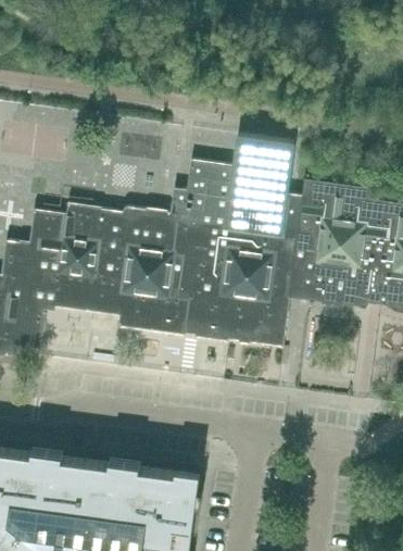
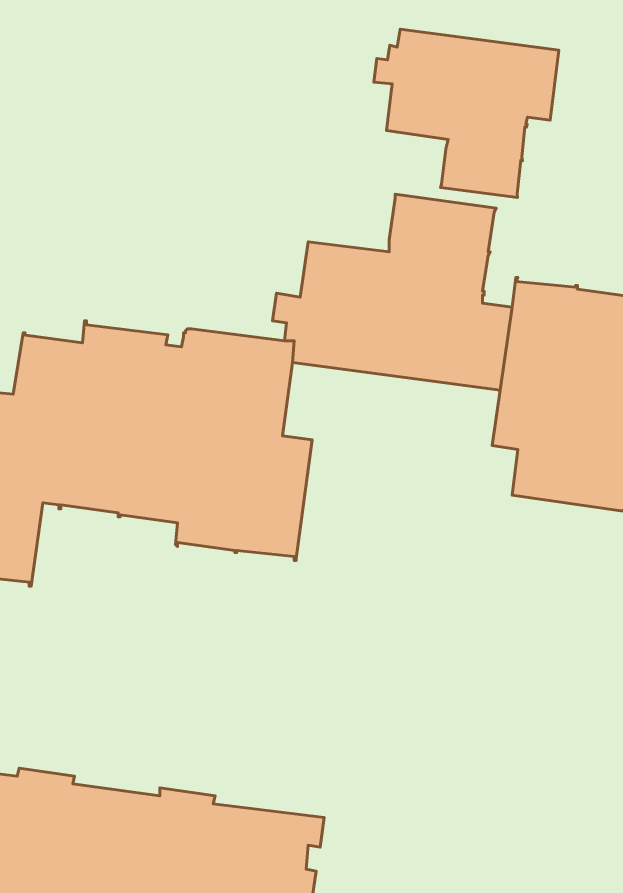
building: none -> [374,29,559,197]
building: [176,225,305,342] -> none

